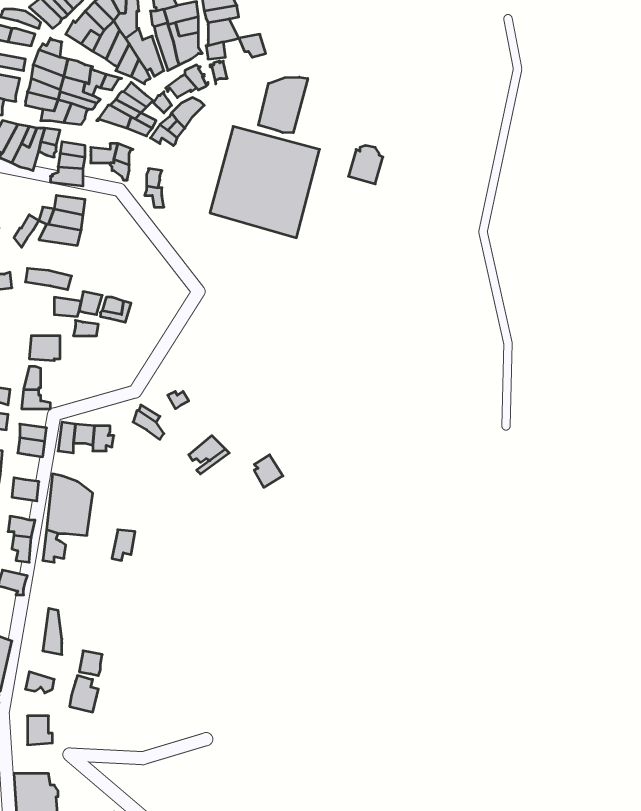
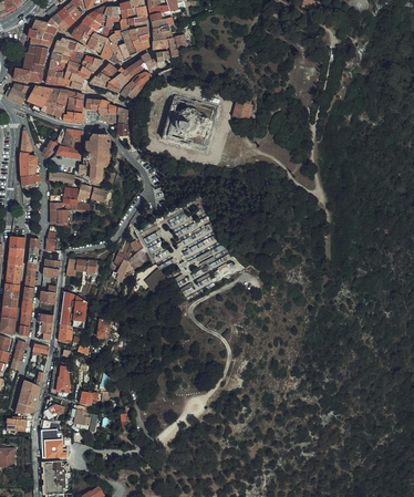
building: [258,77,308,133] -> none
building: none -> [79,132,110,183]

